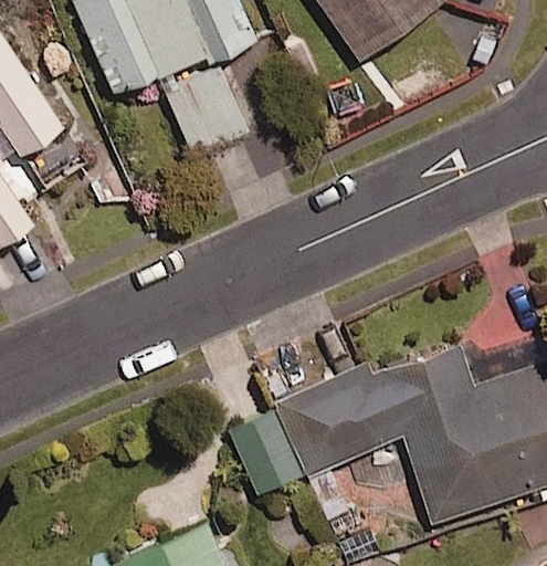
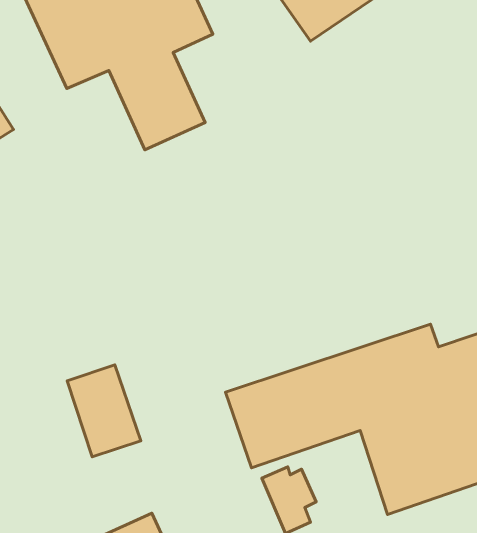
building: [228,401,299,491] -> [67,365,141,457]

